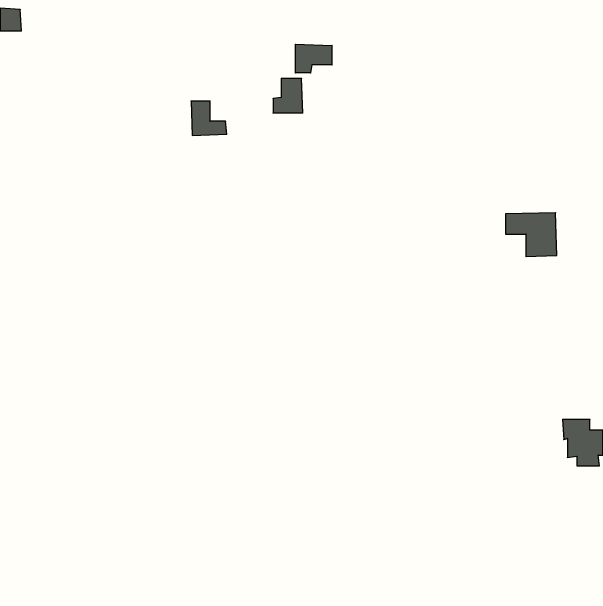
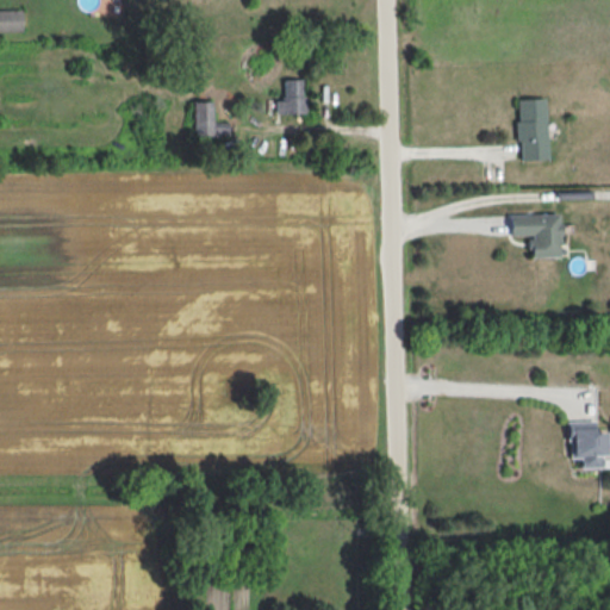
building: [295,44,332,73] -> none
building: none -> [519,99,550,161]

